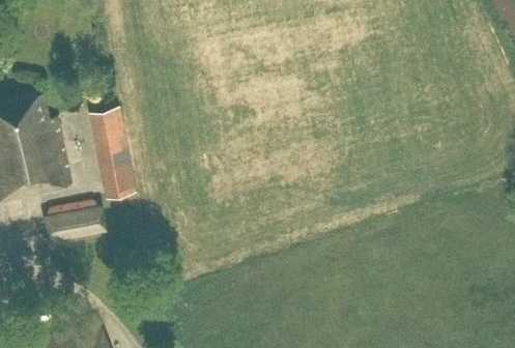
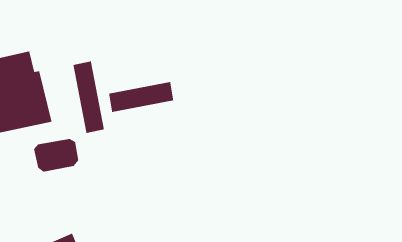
building: none -> [108,81,174,113]

